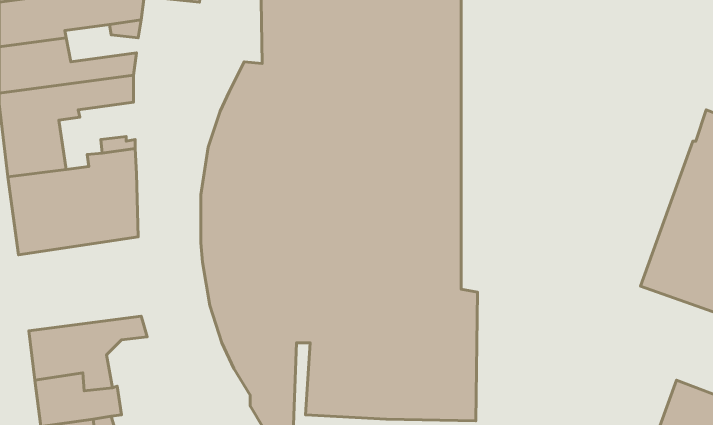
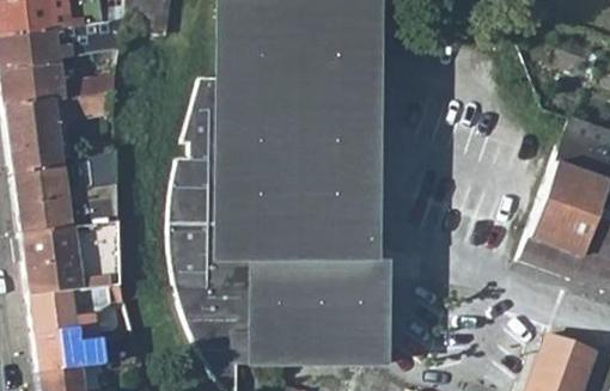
building: none -> [23,221,121,297]

